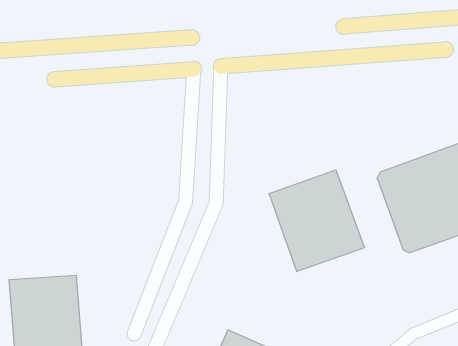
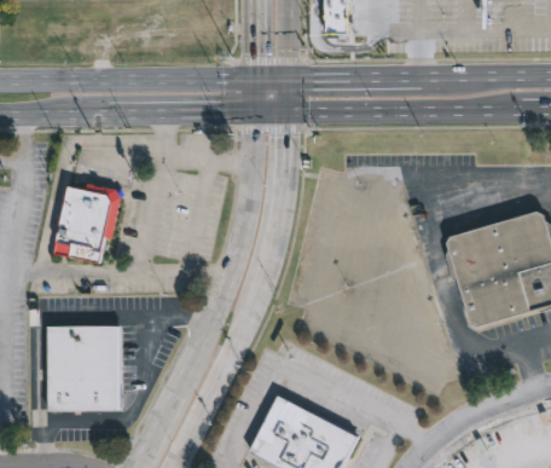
building: none -> [53,183,124,262]
building: [269,170,364,272] -> none

